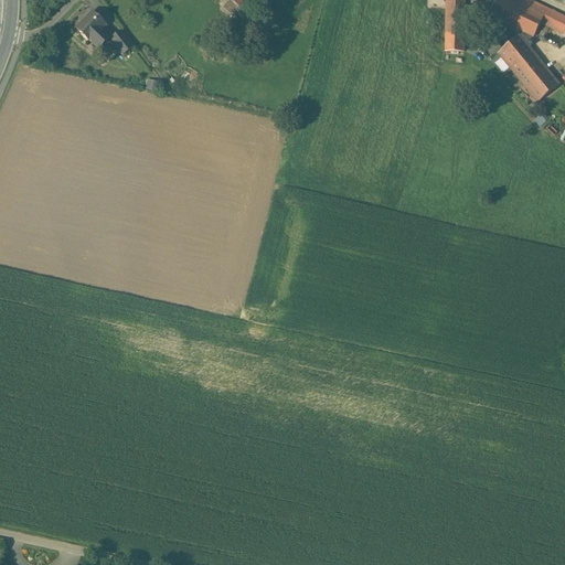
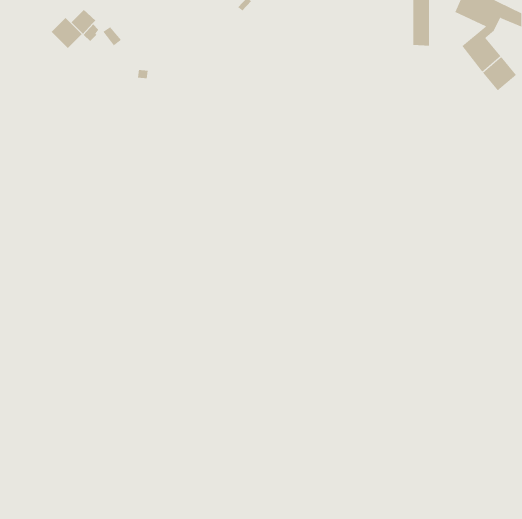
building: none -> [51,17,82,49]

